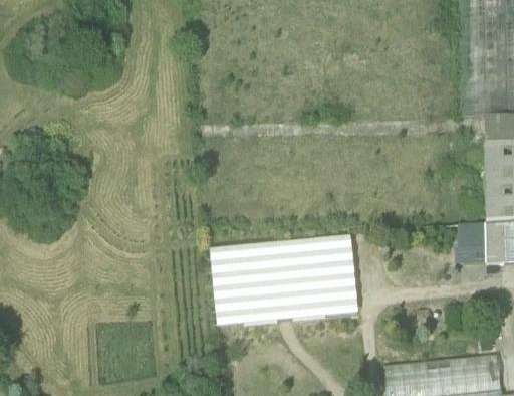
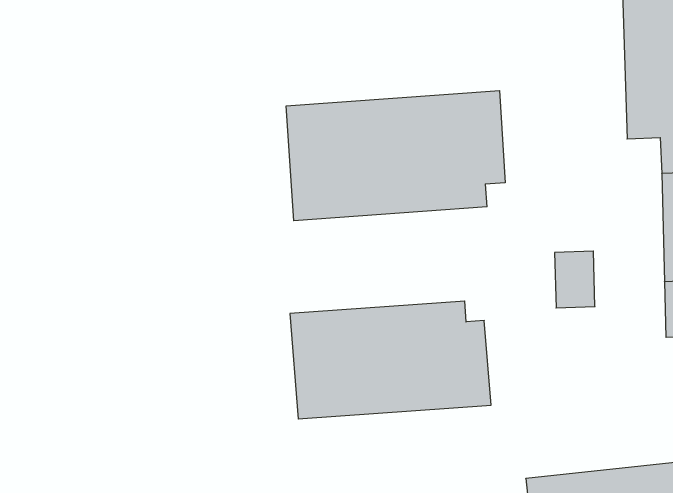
building: none -> [286,91,505,221]
building: [460,224,489,265] -> [555,251,595,308]

